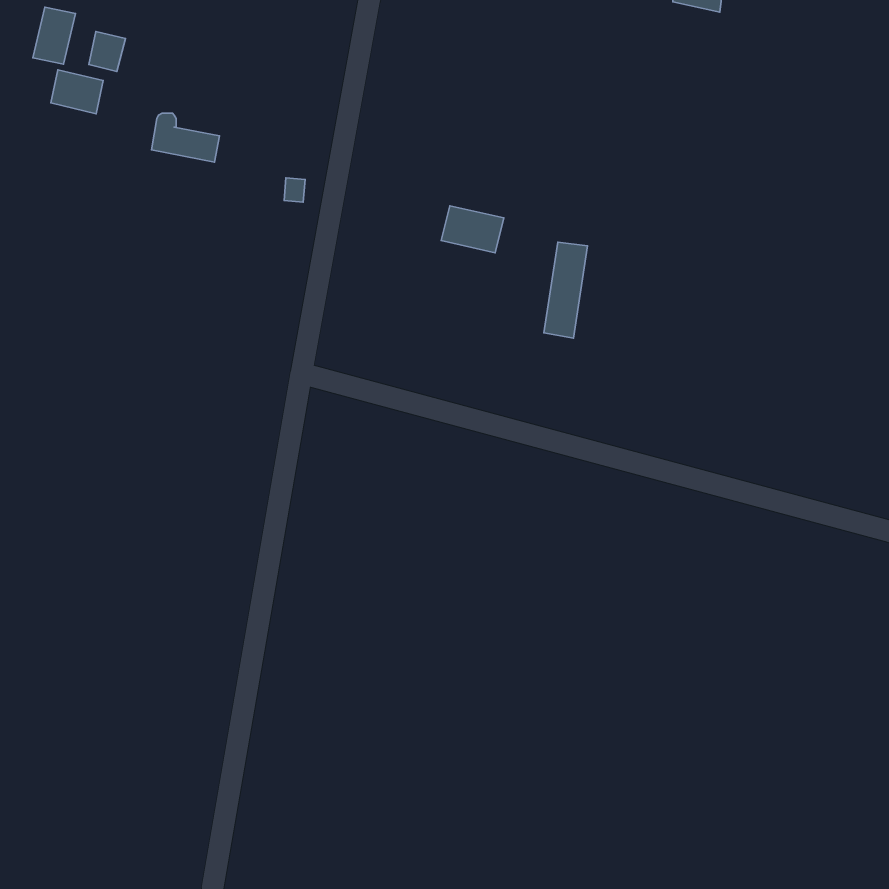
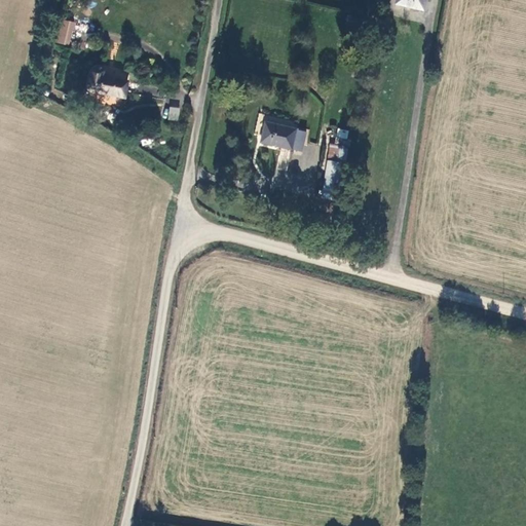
building: [33,7,75,64] -> none
building: [51,70,103,114] -> none

